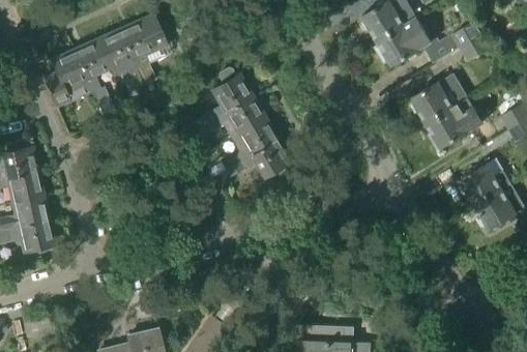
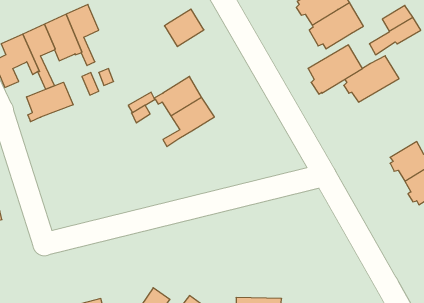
building: [208,72,250,112] -> [164,9,204,47]
building: [427,96,484,148] -> [308,45,362,94]
building: none -> [27,82,73,122]
building: [226,137,291,174] -> none

